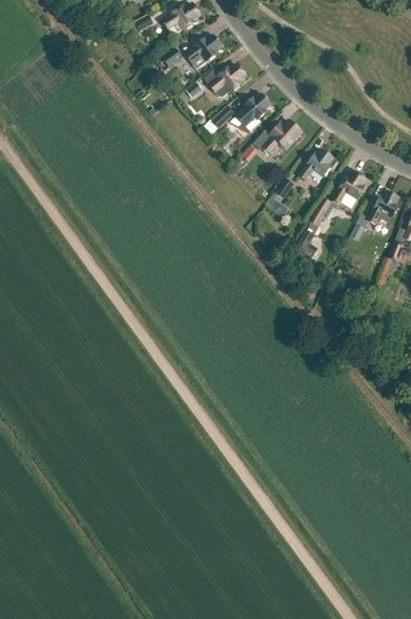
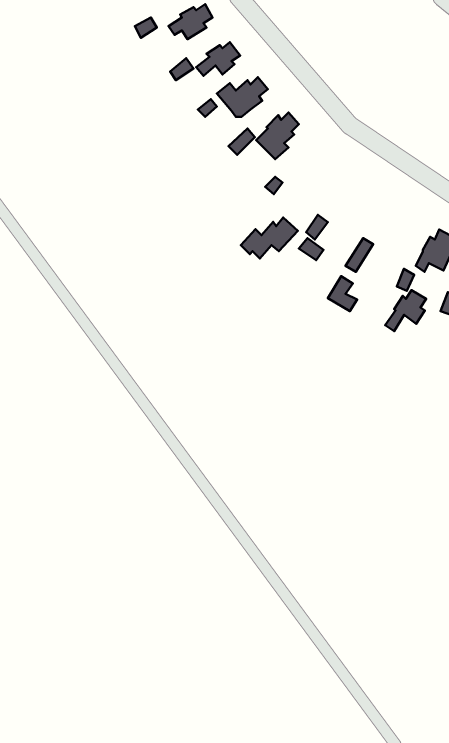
building: [254,120,301,154] -> [241,218,298,258]
building: [299,149,337,180] -> none
building: [332,170,366,204] -> [385,290,426,331]

